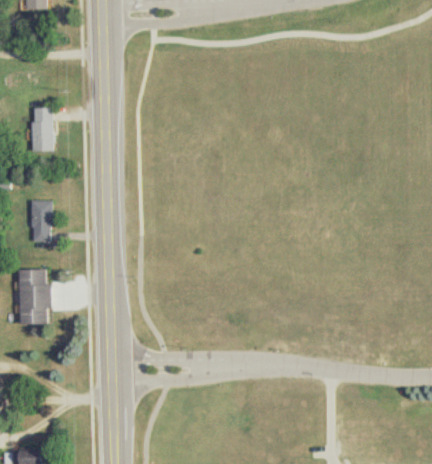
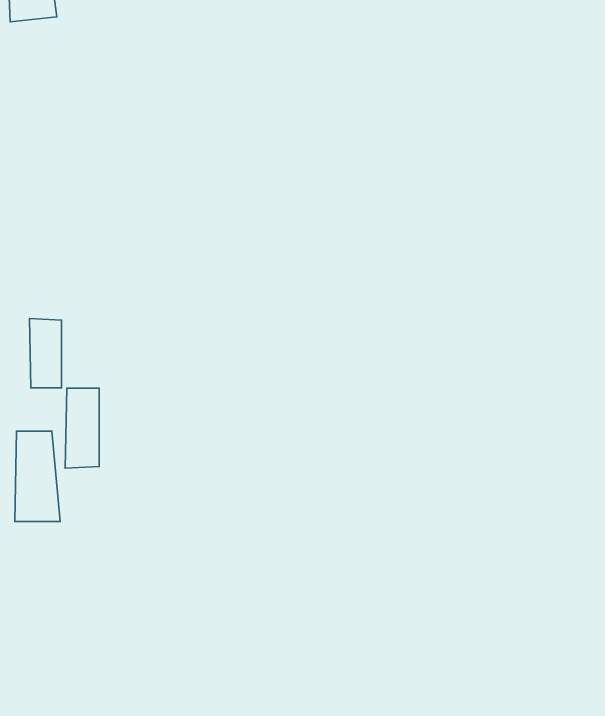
building: [31,107,55,156] -> none
building: none -> [65,388,99,468]

